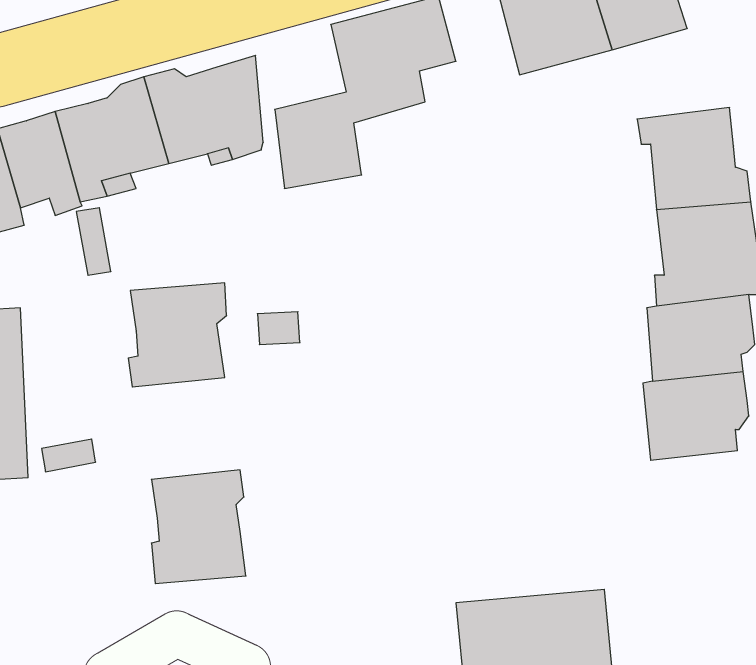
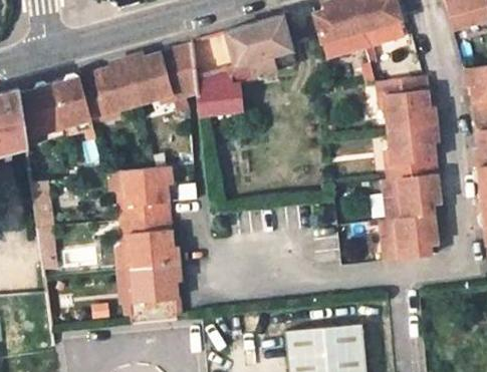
building: none -> [186,32,227,76]
building: none -> [115,216,172,269]

